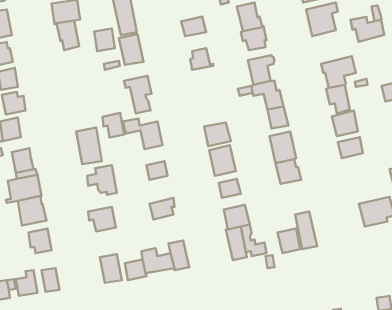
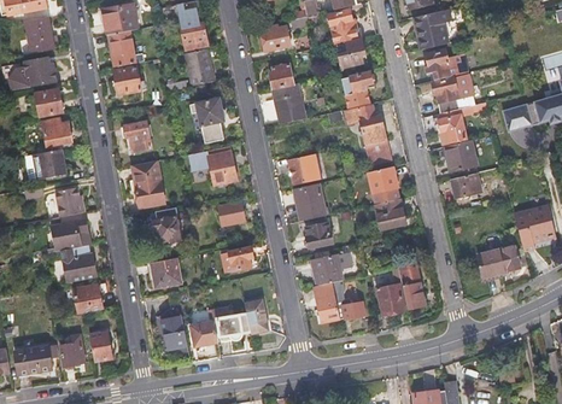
building: [351,17,384,42] -> [425,51,466,81]
building: [94,28,115,51] -> [113,66,139,94]
building: none -> [273,86,304,123]
building: [102,113,124,137] -> [123,121,150,151]

